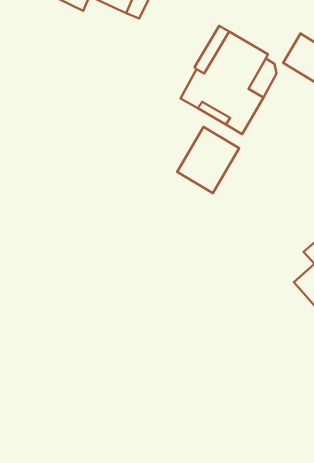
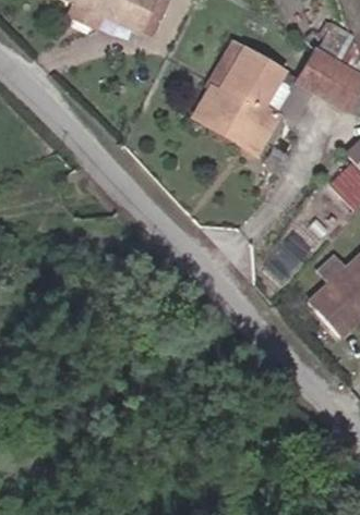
building: [177,127,239,193] -> none

